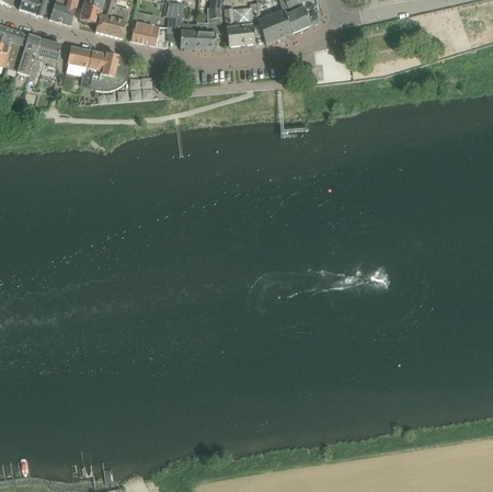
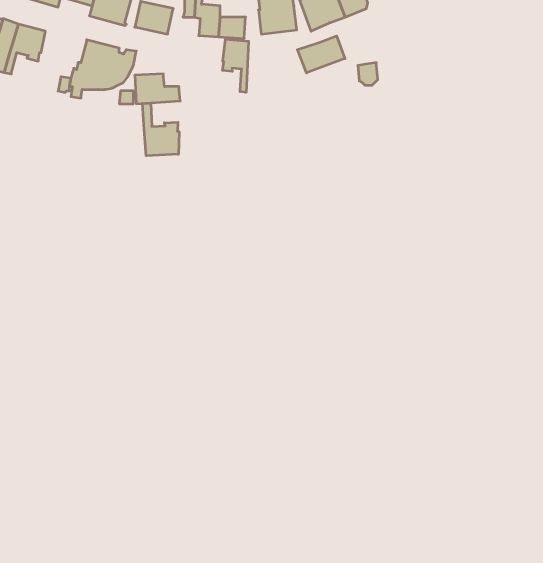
building: [66,45,93,75] -> none
building: none -> [297,36,345,73]
building: none -> [222,39,249,92]
building: none -> [142,103,179,156]

